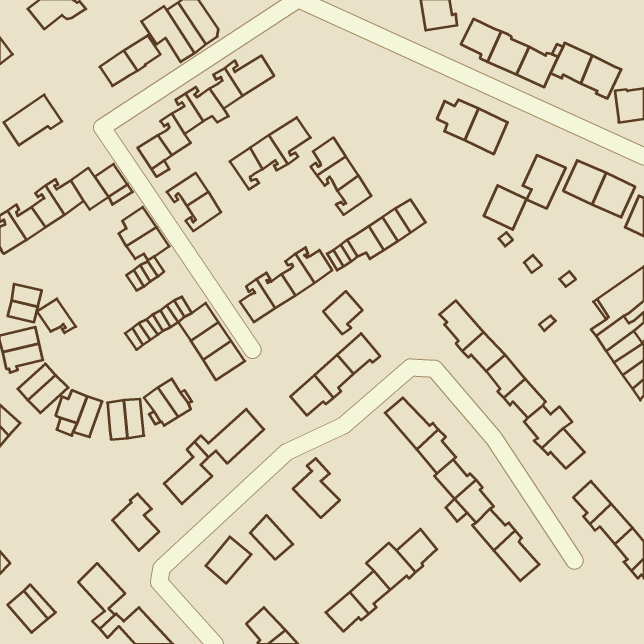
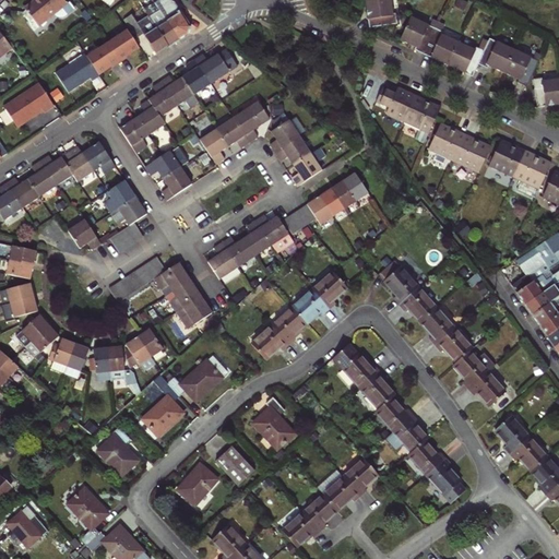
building: none -> [56,53,98,92]
building: [484,185,527,230] -> [427,122,464,160]
building: [323,291,362,334] -> [312,271,346,308]
building: [37,299,76,333] -> [67,219,100,249]

